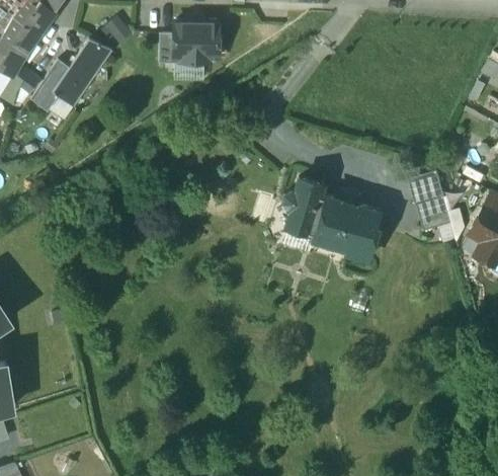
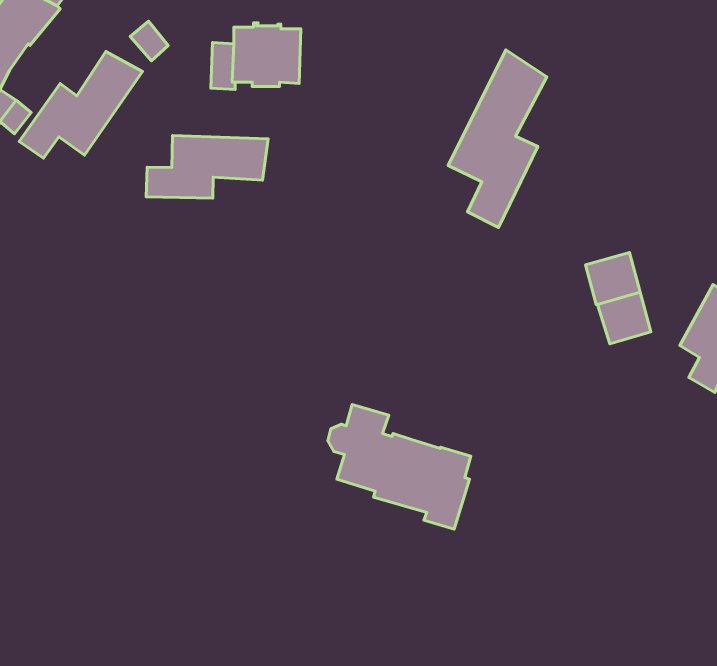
building: none -> [448,50,547,227]
building: none -> [146,136,268,198]
building: [282,179,378,262] -> [328,404,471,529]

